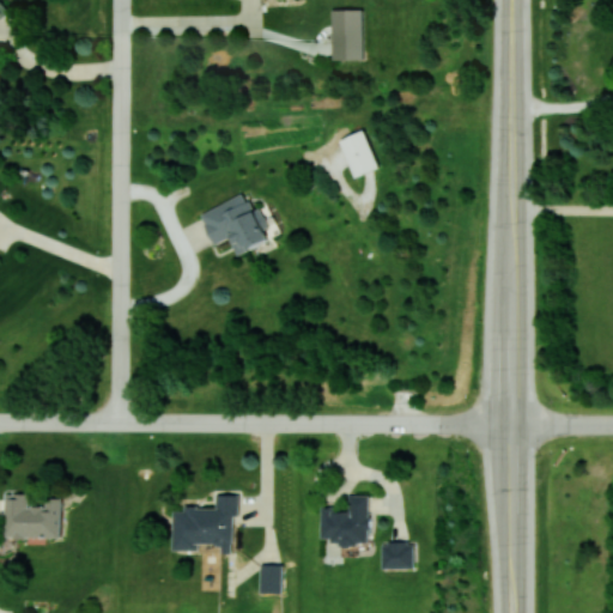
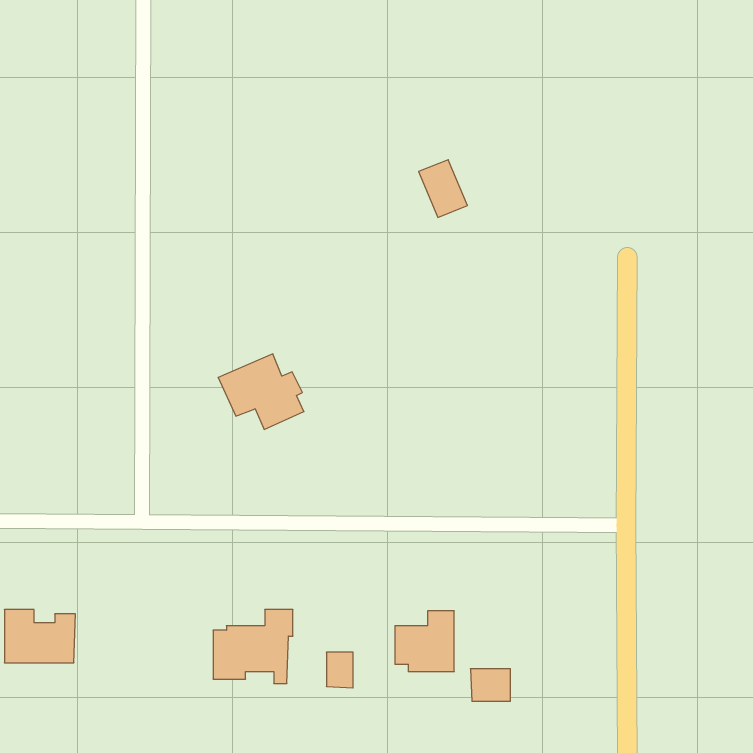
building: [330,11,364,62] -> none
building: [199,195,268,256] -> [218,354,304,429]
building: [260,566,281,595] -> [326,652,353,688]

